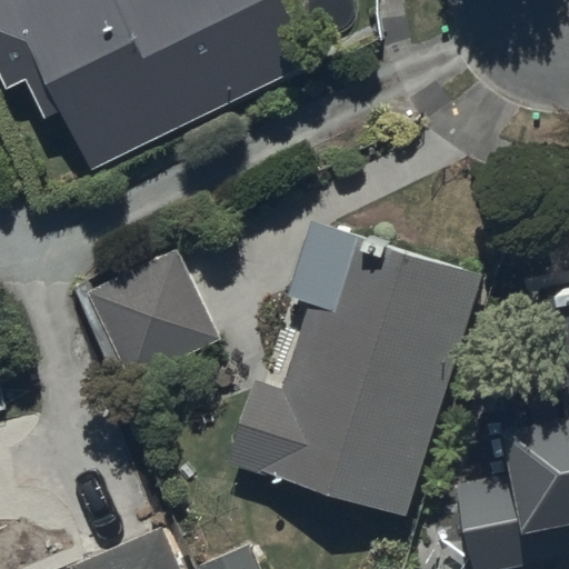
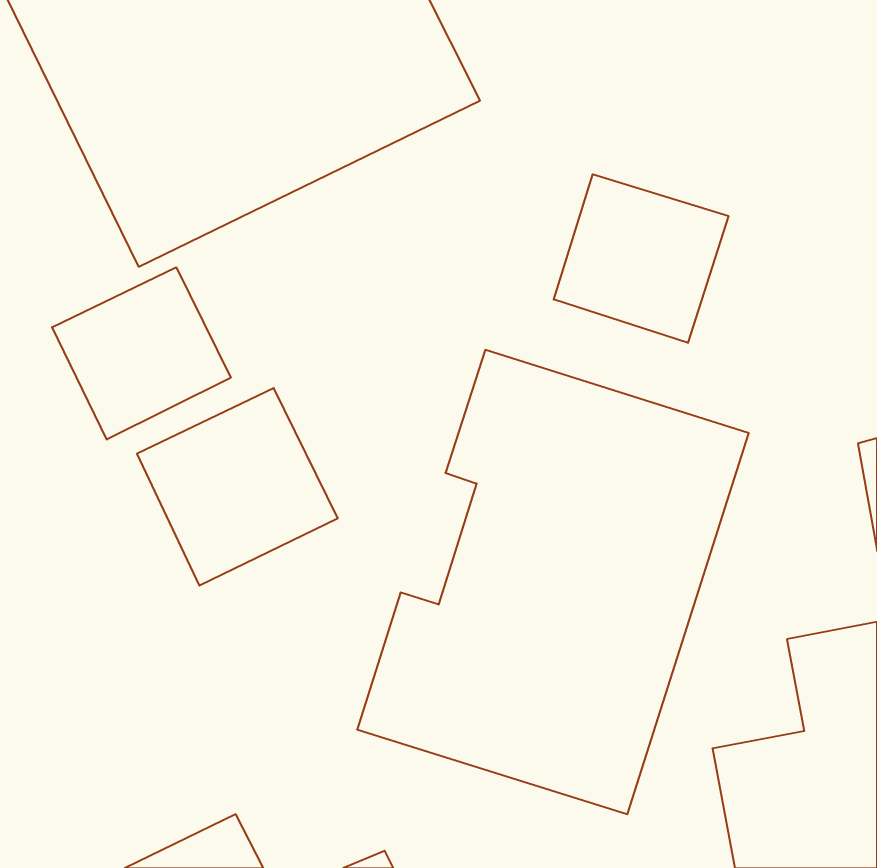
building: none -> [554,174,728,343]
building: none -> [52,267,231,440]

